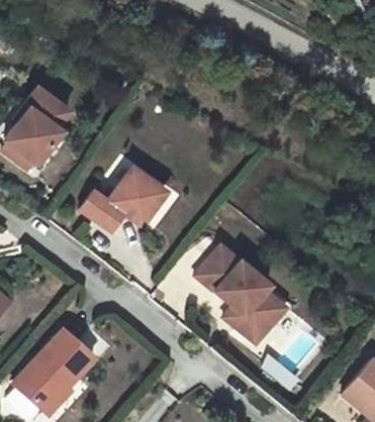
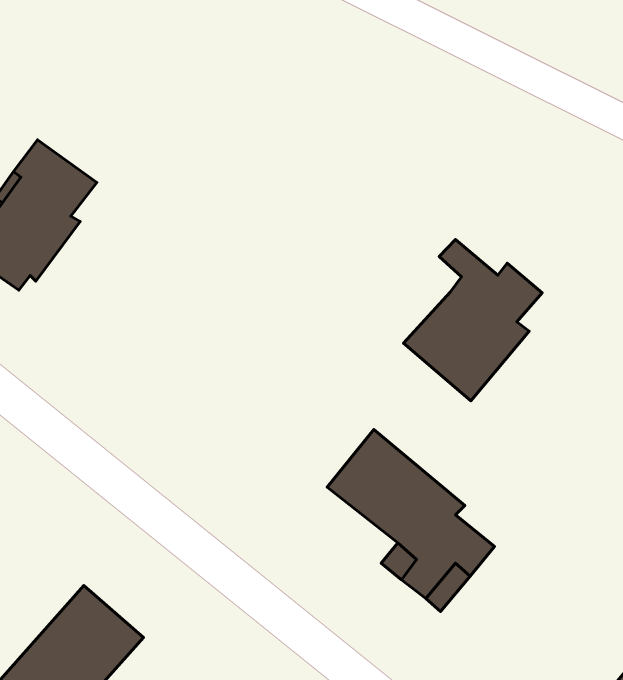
building: none -> [404,240,542,401]
building: [81,168,166,230] -> none

